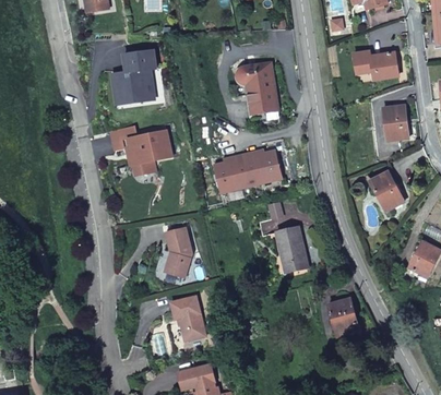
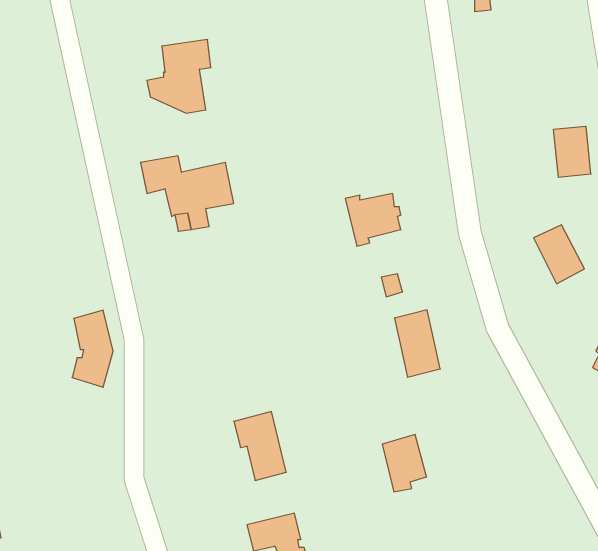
building: [354,50,398,80] -> none
building: [238,63,278,115] -> none
building: [215,154,252,189] -> none
building: [164,227,191,278] -> [72,310,113,387]
building: [329,299,358,337] -> [382,434,427,492]

